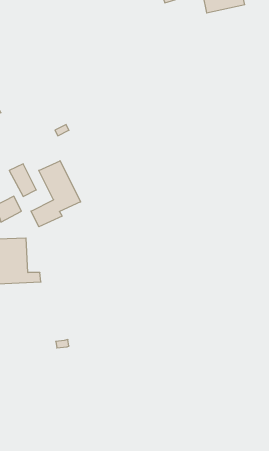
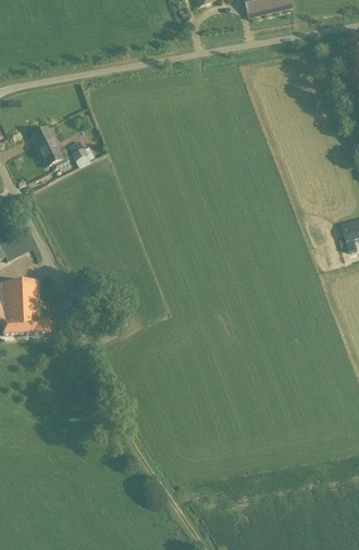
building: [31,161,81,227] -> none
building: [9,164,36,196] -> [30,127,62,165]

